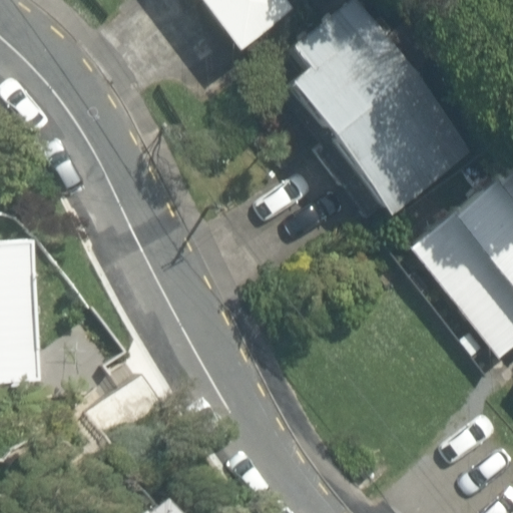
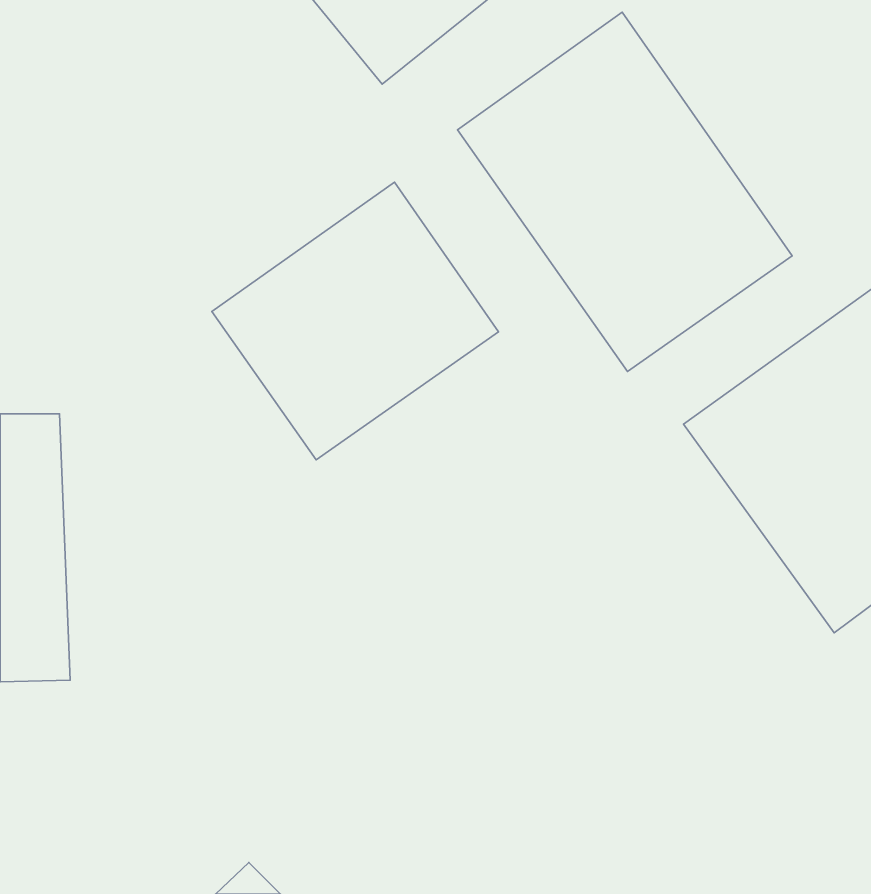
building: none -> [212,182,498,460]

